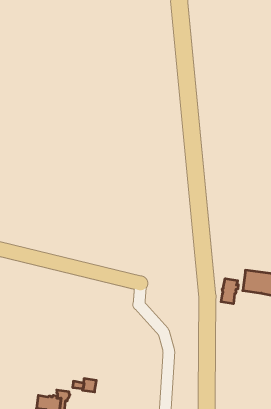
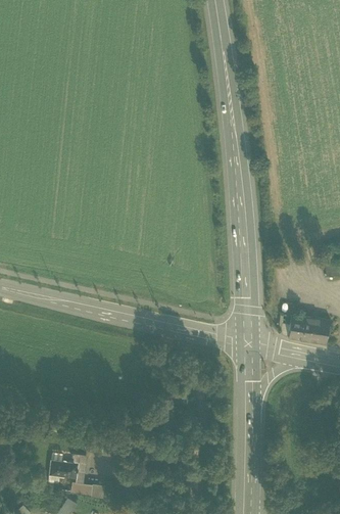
building: [221,279,238,304] -> none

